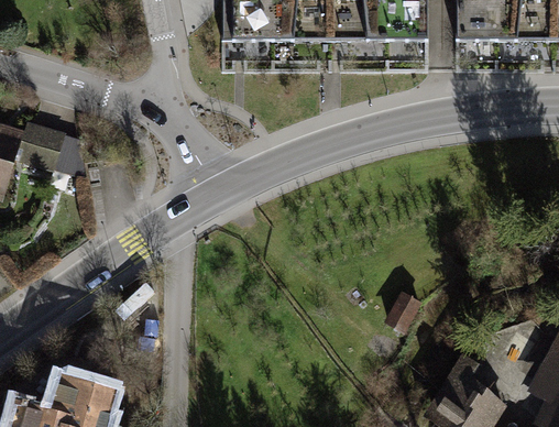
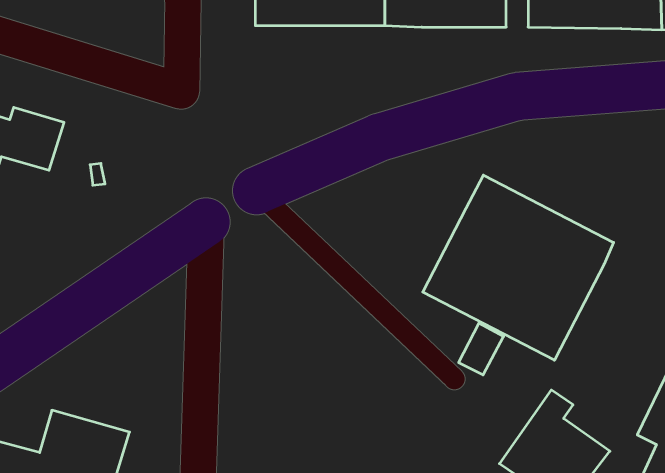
building: none -> [423,175,614,360]

